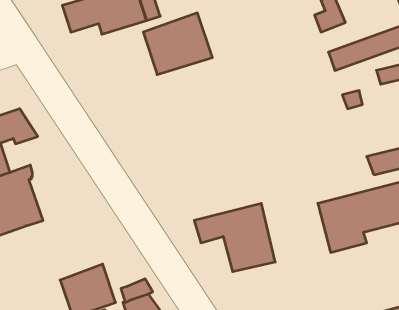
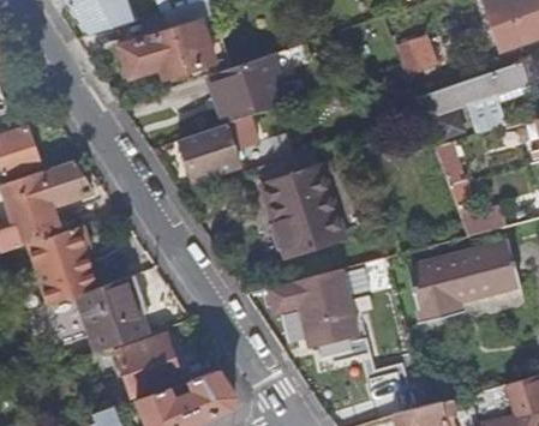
building: none -> [179,124,240,181]
building: none -> [244,151,361,257]
building: none -> [78,278,146,353]

